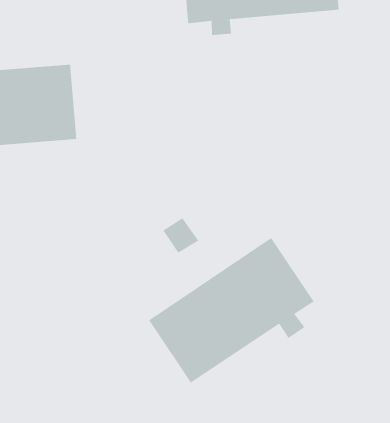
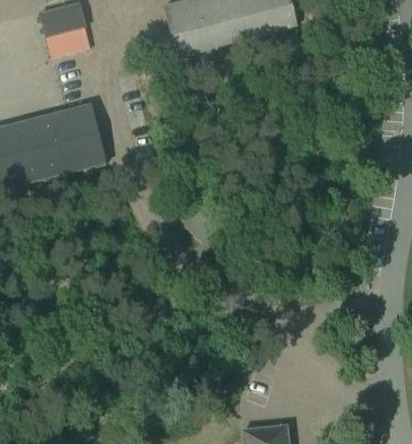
building: [148,237,314,384] -> none

